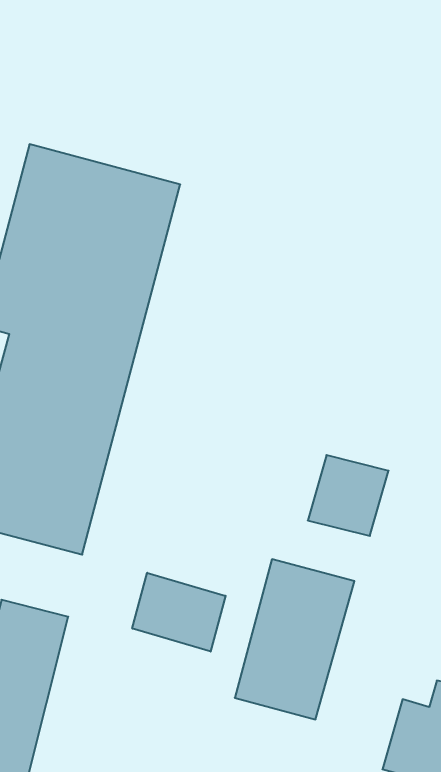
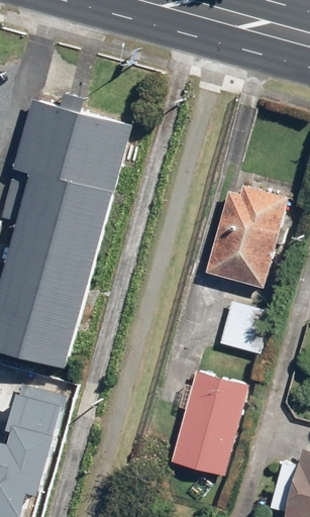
building: none -> [204,188,286,288]
building: [132,573,226,652] -> none

